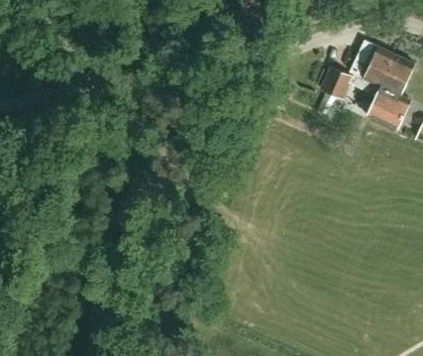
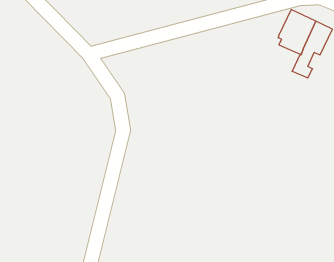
building: [321,67,353,99] -> none

